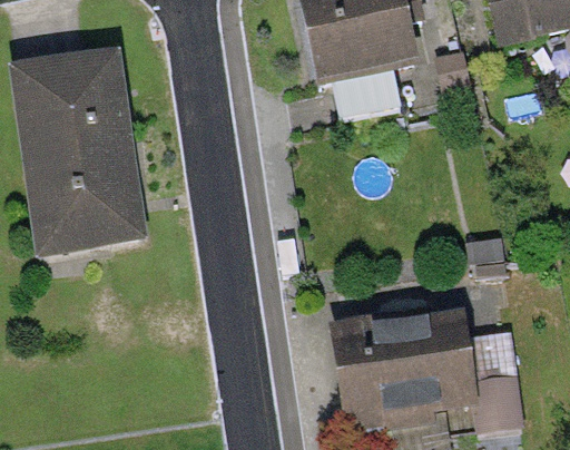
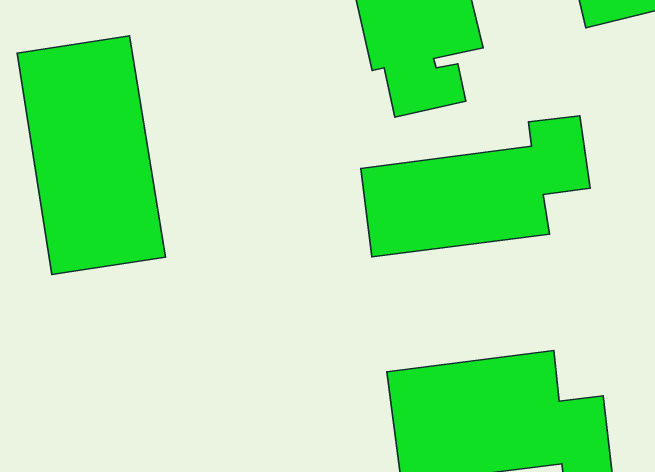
building: none -> [361,116,590,257]

